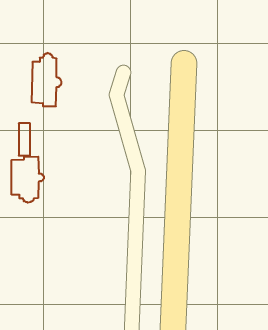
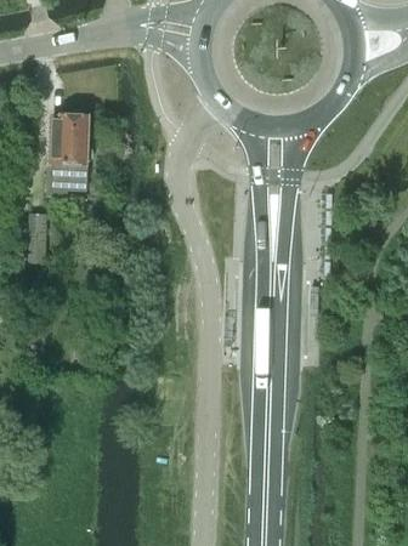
building: [12,157,44,203] -> none

